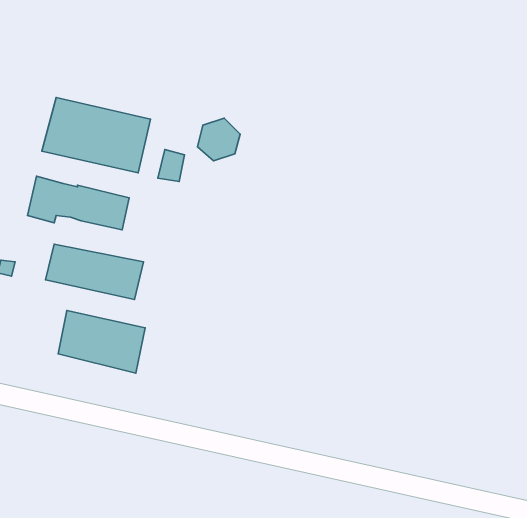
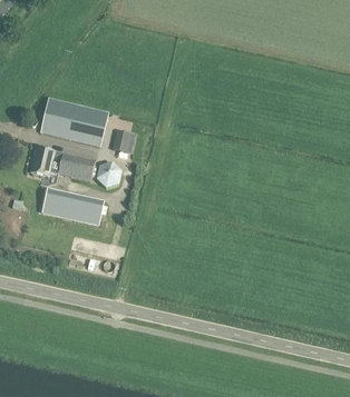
building: [197,118,240,161] -> [95,161,121,188]
building: [58,311,145,373] -> none

